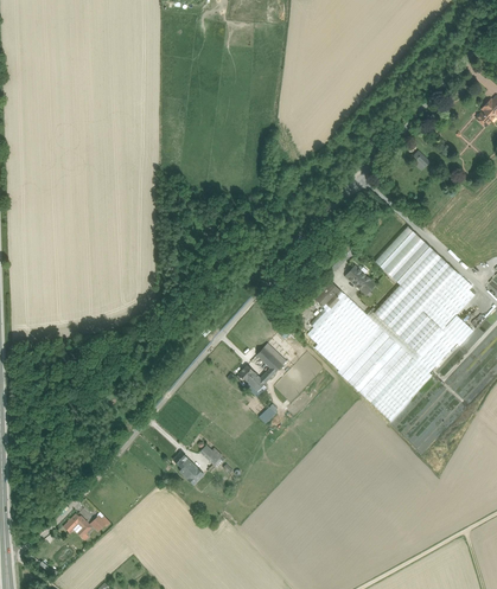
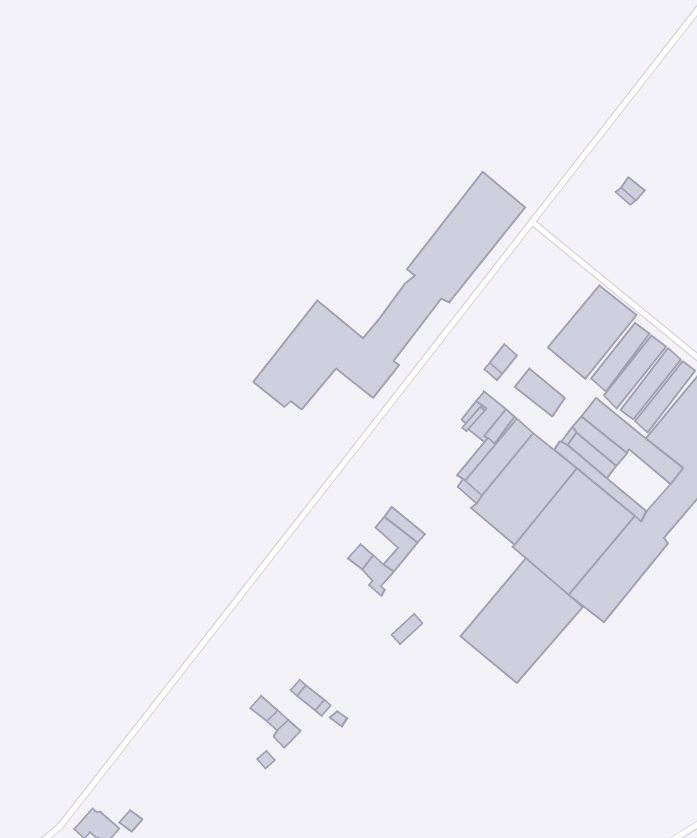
building: none -> [253,172,525,409]
building: [399,318,437,356] -> none
building: none -> [460,558,583,683]

